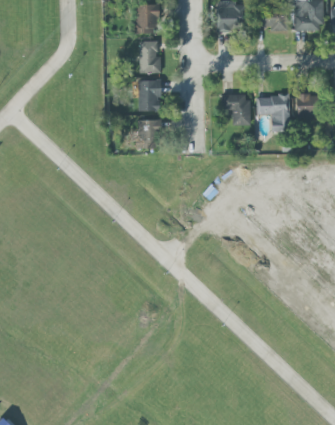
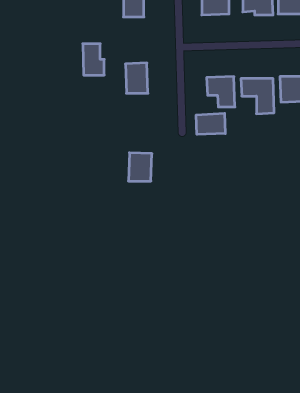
building: [139,41,161,73] -> [83,44,104,75]
building: [137,119,161,148] -> [128,153,152,181]
building: none -> [196,113,225,134]

